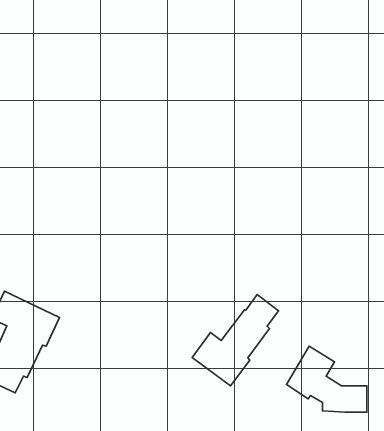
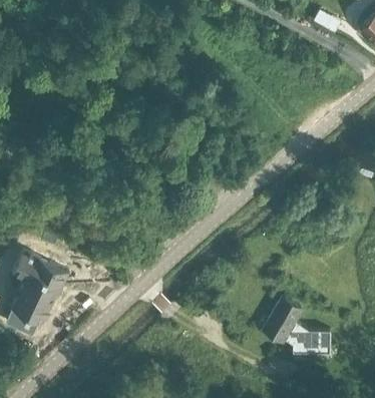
building: [192,294,278,386] -> none

